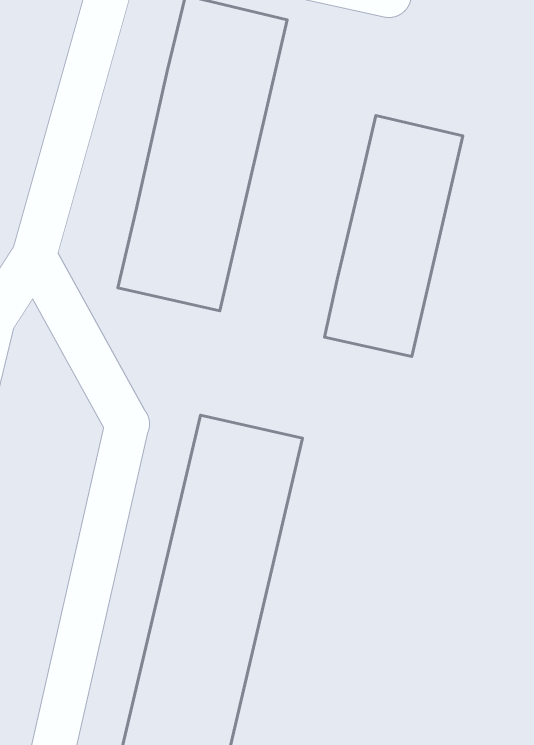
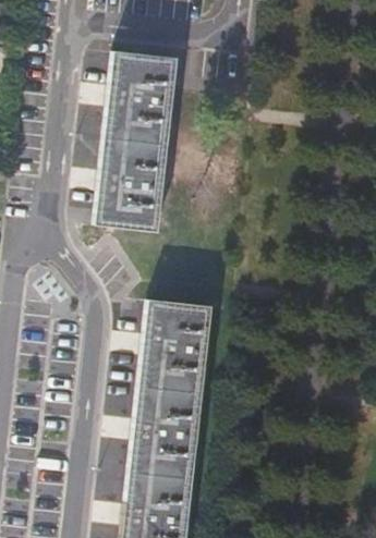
building: [324,115,463,356] -> none

